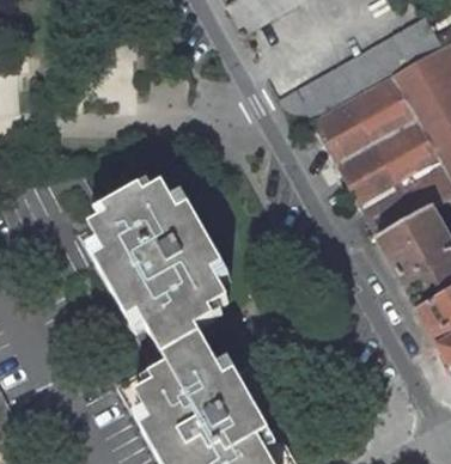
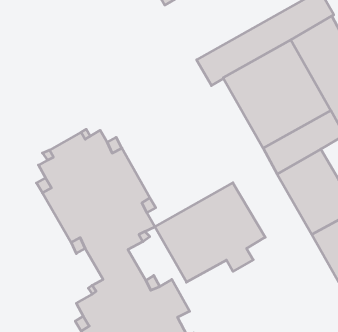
building: none -> [155,183,265,282]

